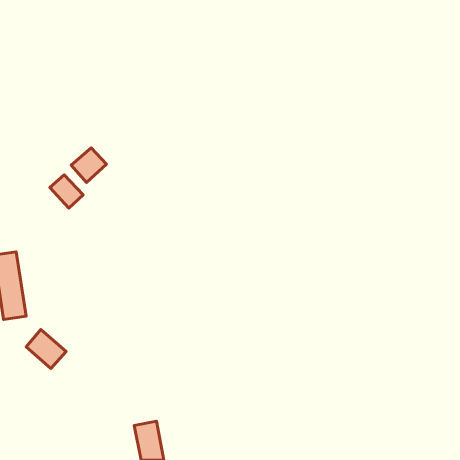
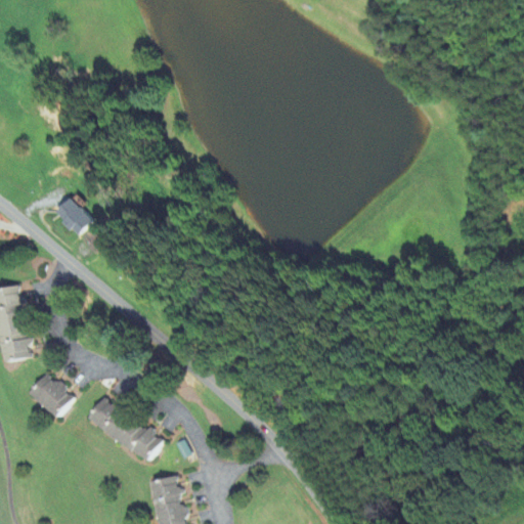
building: [71,148,107,183] -> none
building: none -> [87,398,162,460]

